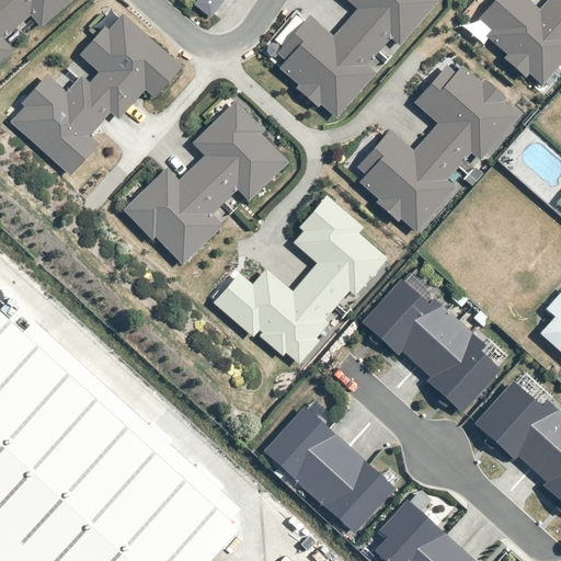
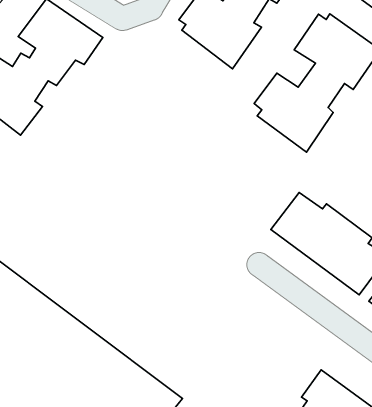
building: [125,104,288,264] -> none
building: [211,193,386,364] -> none
building: [262,405,392,531] -> none

